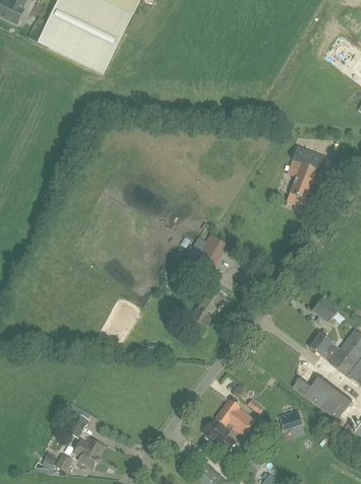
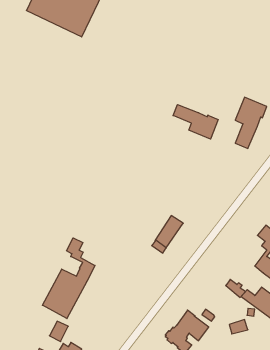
building: none -> [173,105,218,139]
building: [196,235,225,269] -> none
building: none -> [42,238,95,319]

